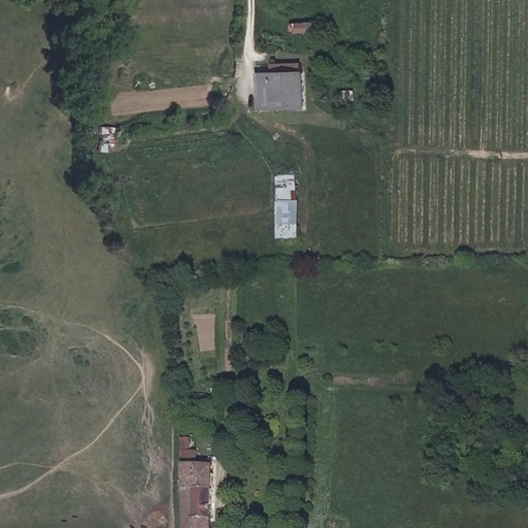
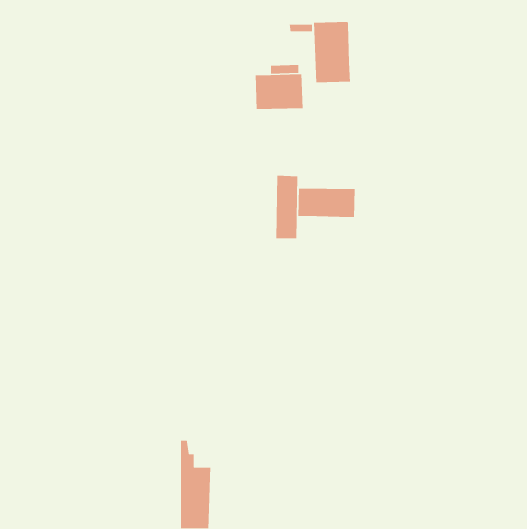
building: none -> [313,21,351,83]
building: none -> [298,188,355,218]

